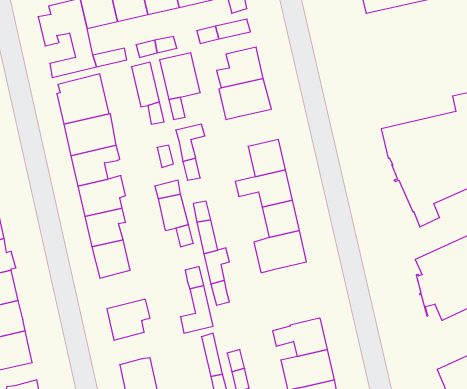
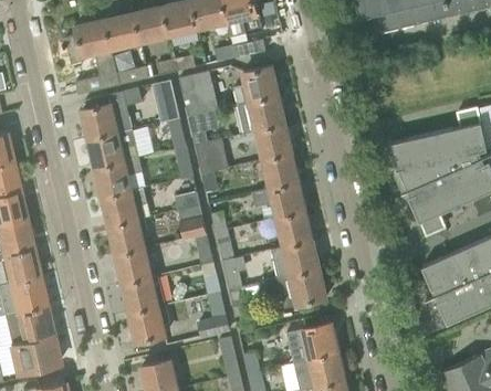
building: none -> [255,125,292,160]
building: none -> [276,270,325,308]
building: none -> [123,276,165,314]

